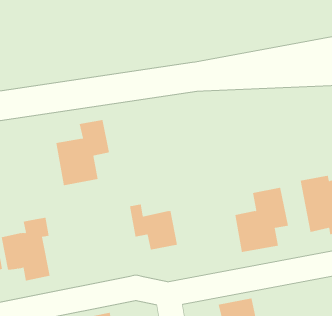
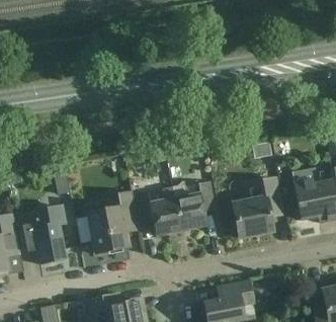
building: [55,119,110,186] -> [87,191,137,252]
building: none -> [170,181,214,230]

